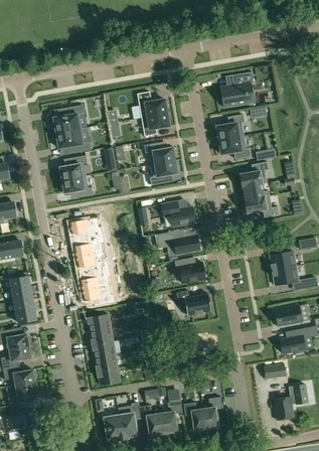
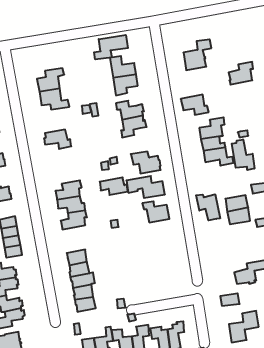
building: none -> [94,35,128,59]
building: [216,114,245,140] -> [229,62,253,85]
building: [58,155,88,179] -> none
building: none -> [232,139,254,170]
building: [70,217,103,238] -> [100,177,128,195]
building: none -> [196,194,220,220]
building: [83,285,115,305] -> none
building: [176,289,211,314] -> none
building: [274,305,302,325] -> none

